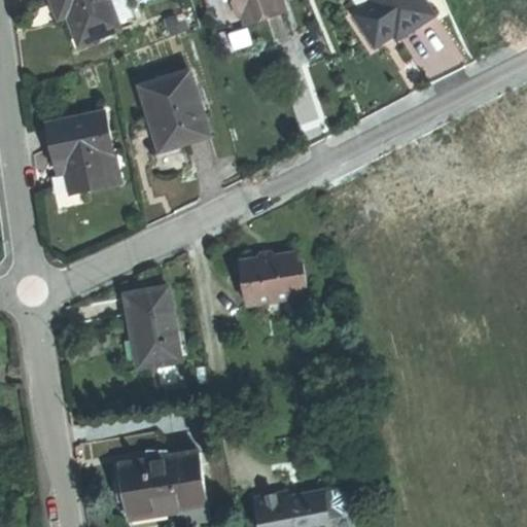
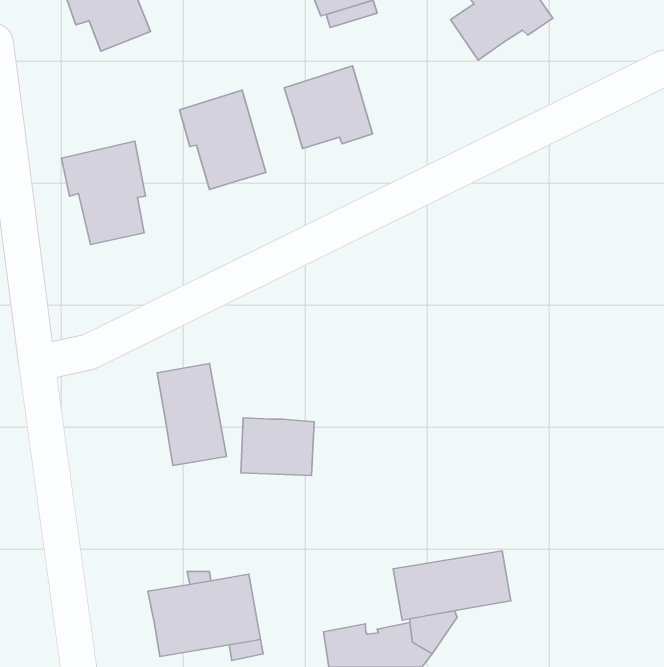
building: none -> [284,66,372,149]
building: [231,260,288,306] -> [241,418,314,476]
building: none -> [393,551,511,620]

